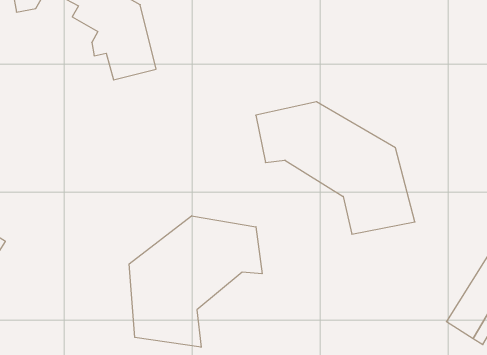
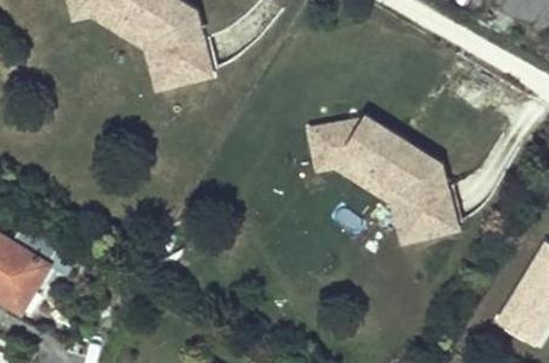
building: [129,216,262,347] -> none

